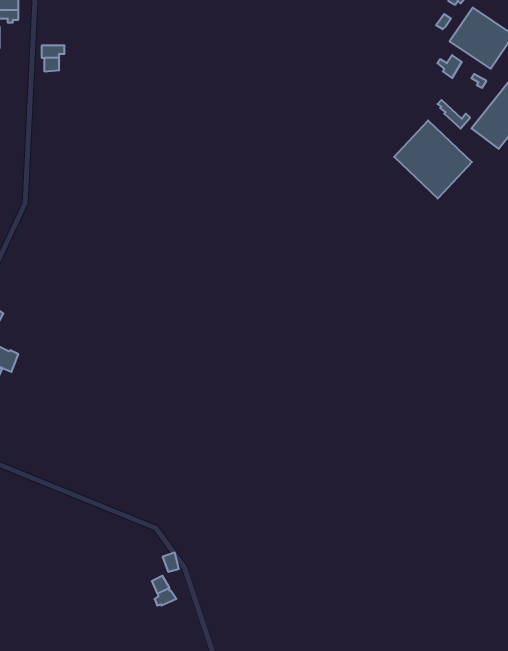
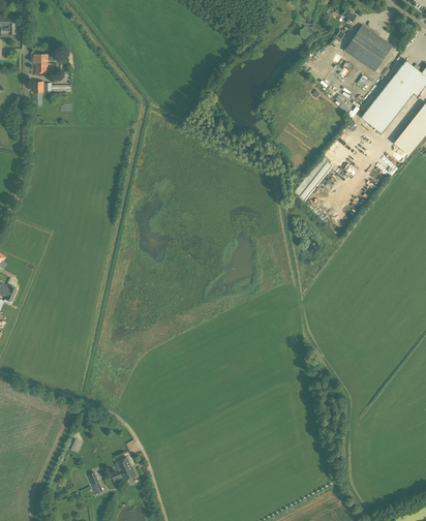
building: [394,120,472,199] -> none

